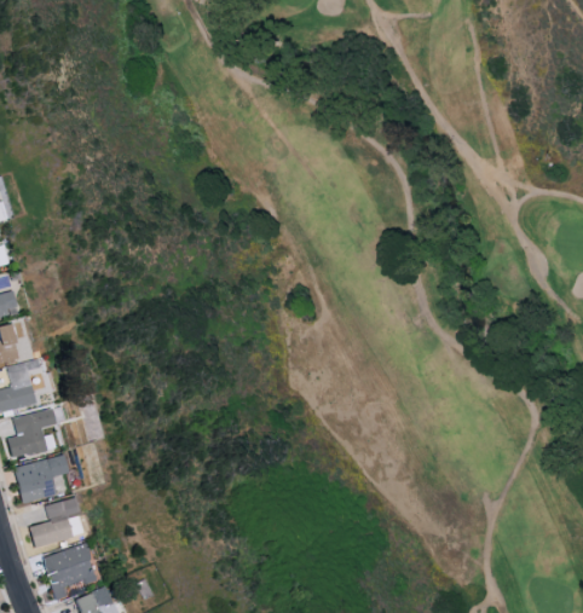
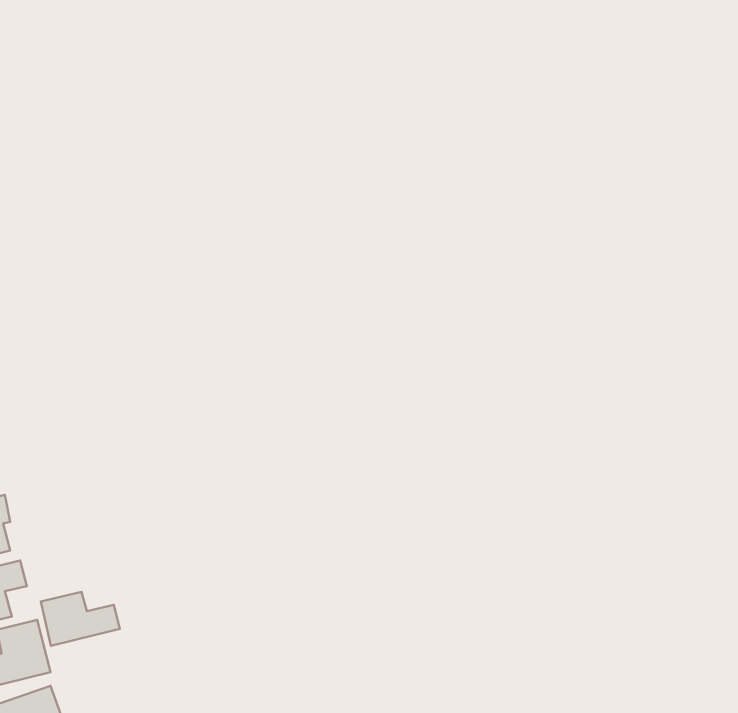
building: none -> [41,592,120,646]

